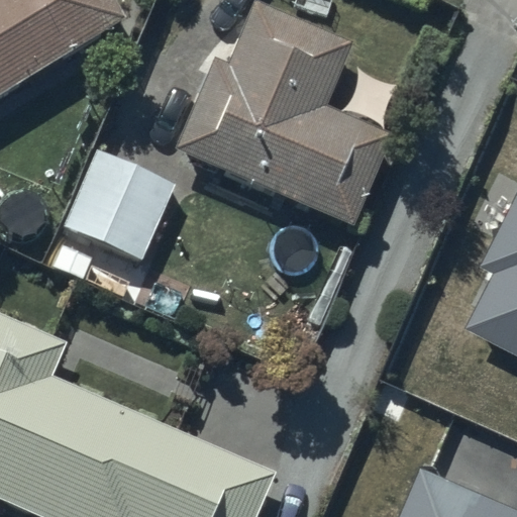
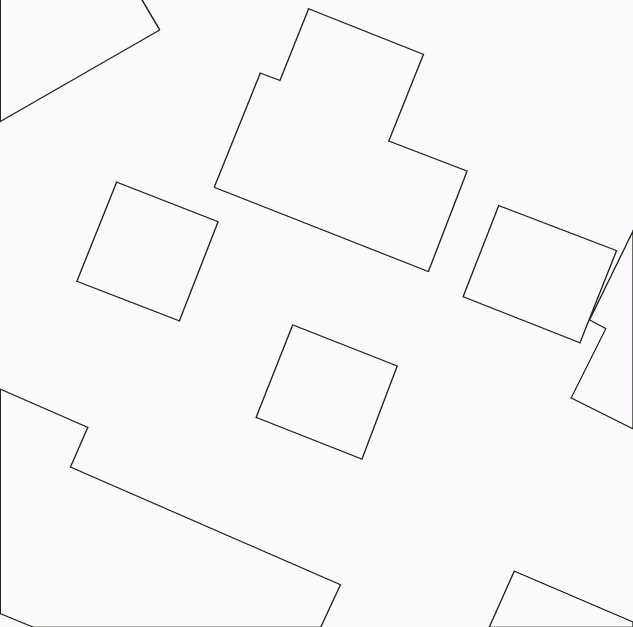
building: none -> [463,205,616,343]
building: none -> [256,325,397,459]

